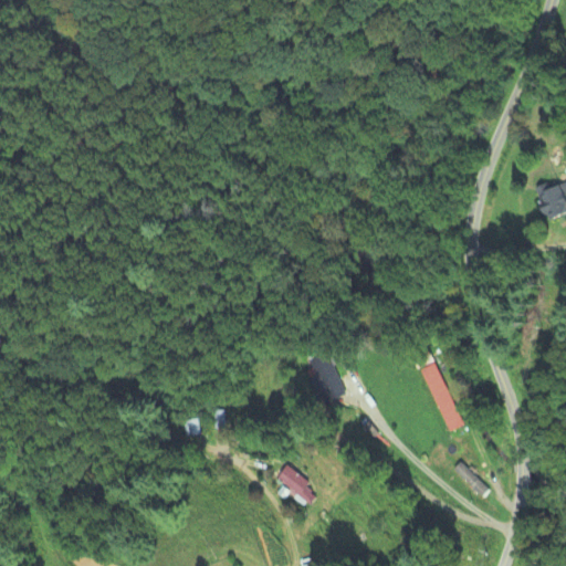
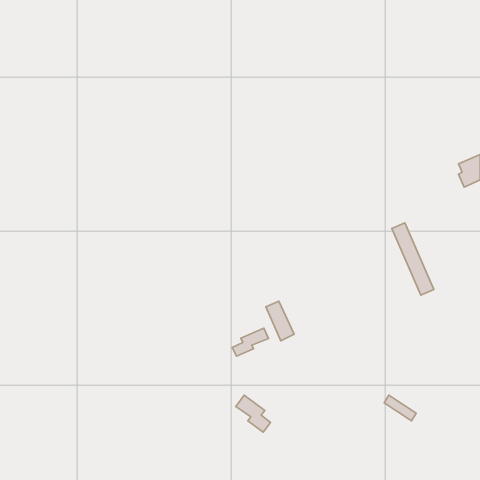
building: [413,347,463,432] -> [392,223,434,295]
building: none -> [232,328,269,356]

